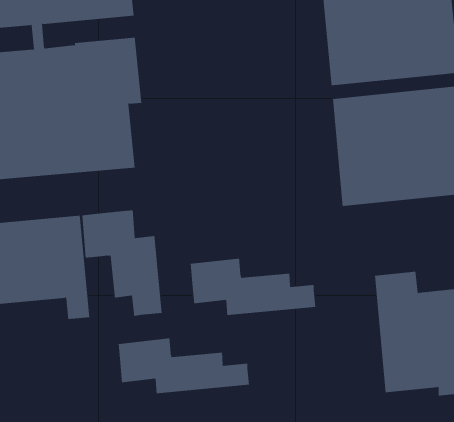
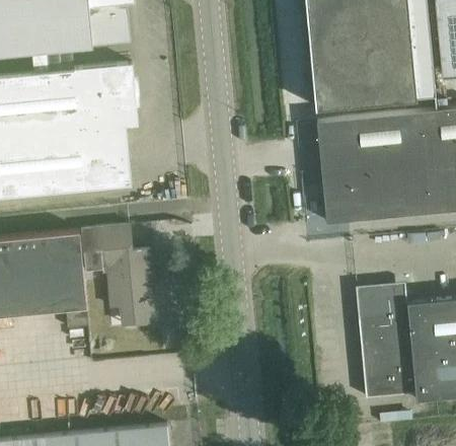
building: [190,258,316,316] -> none
building: [118,338,249,394] -> none

